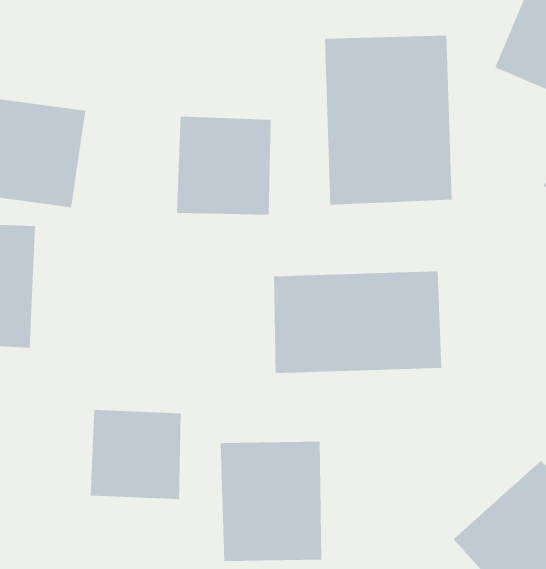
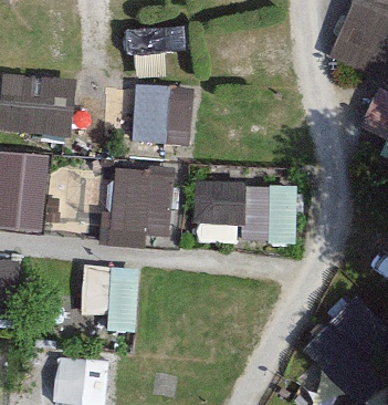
building: [324,35,452,205] -> none
building: [220,441,322,562] -> [108,169,171,243]

